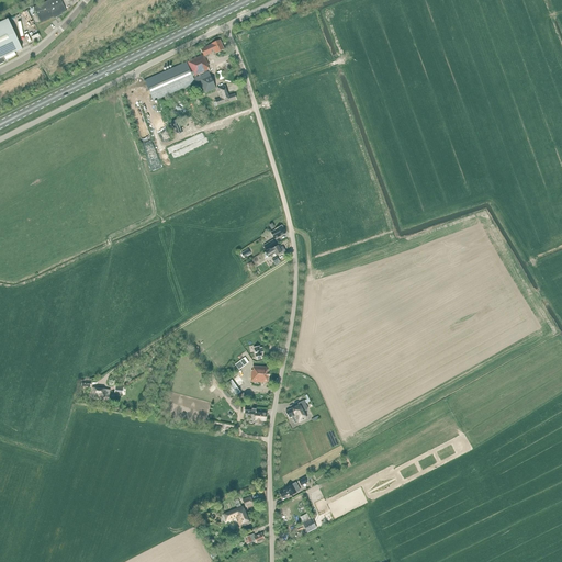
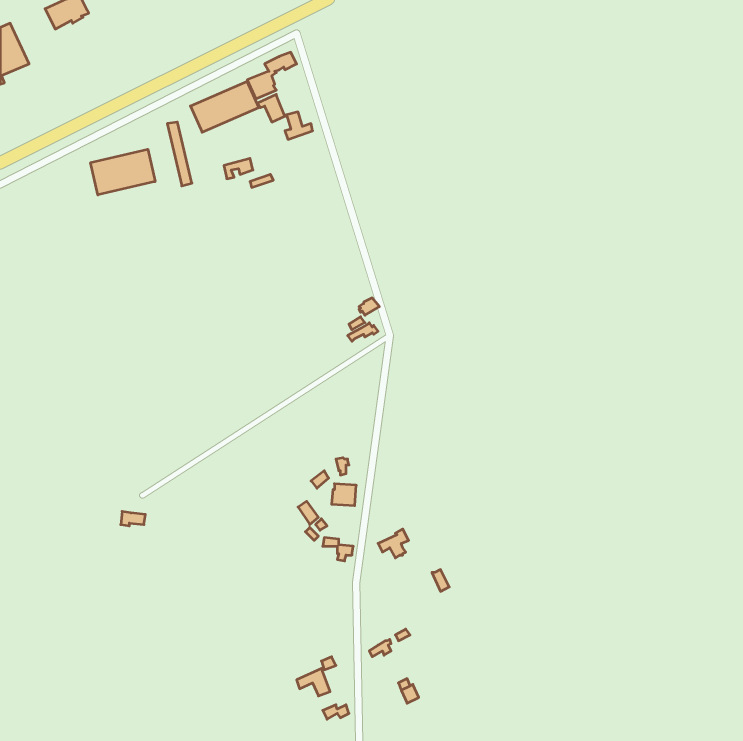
building: none -> [91,149,155,195]

